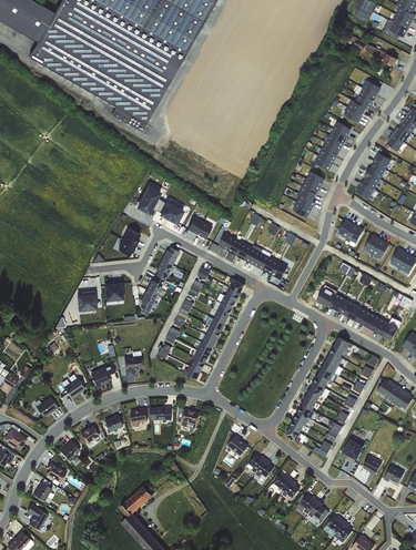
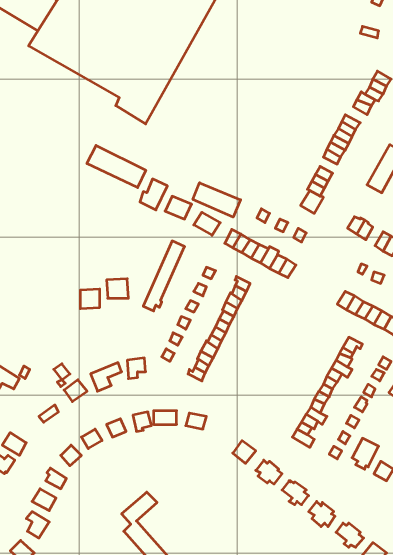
building: none -> [87,145,146,188]
building: none -> [193,183,241,217]
building: [114,225,141,255] -> none

